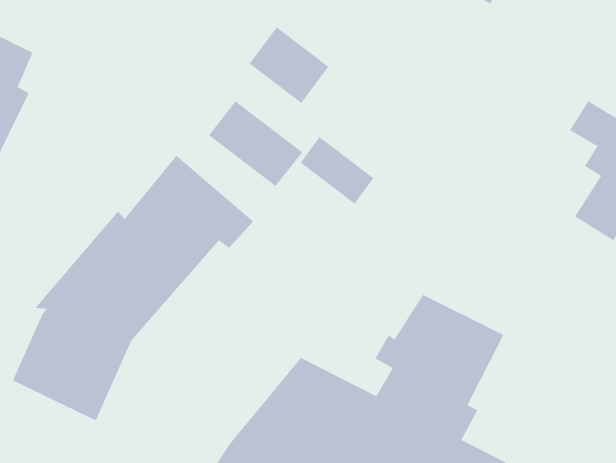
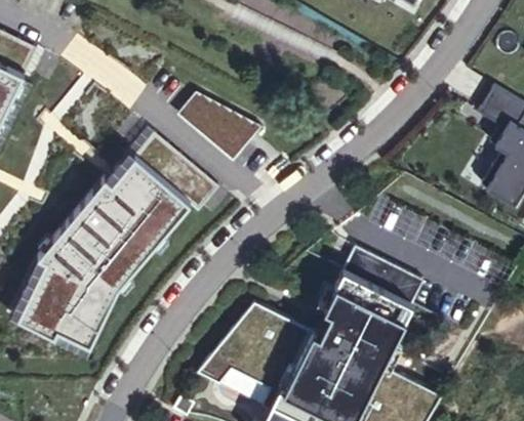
building: [249,26,329,104] -> none
building: [300,136,374,204] -> none

